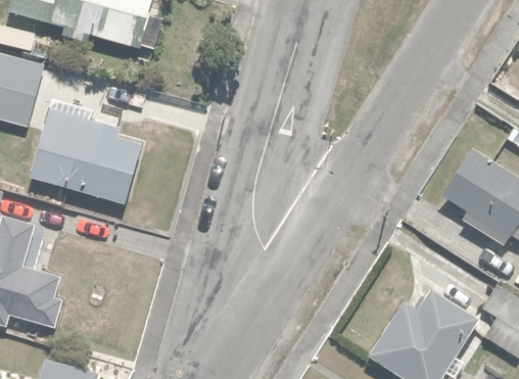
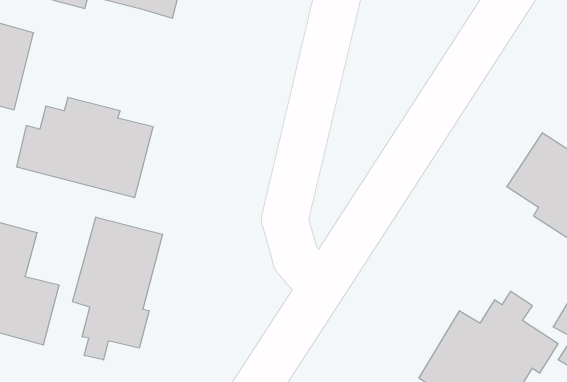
building: none -> [73,217,162,360]

